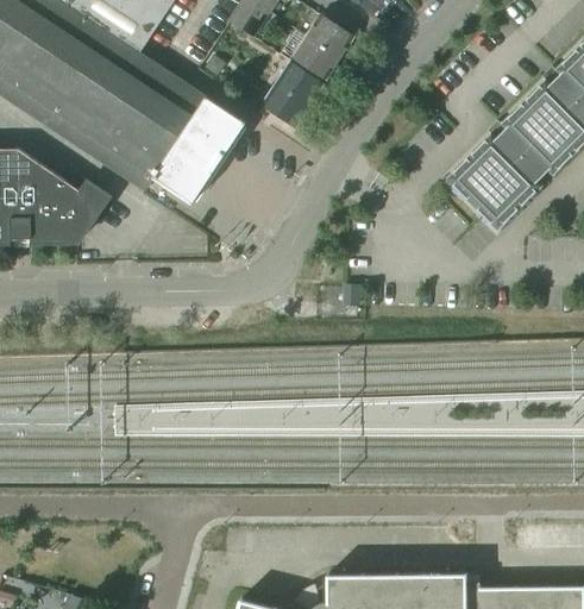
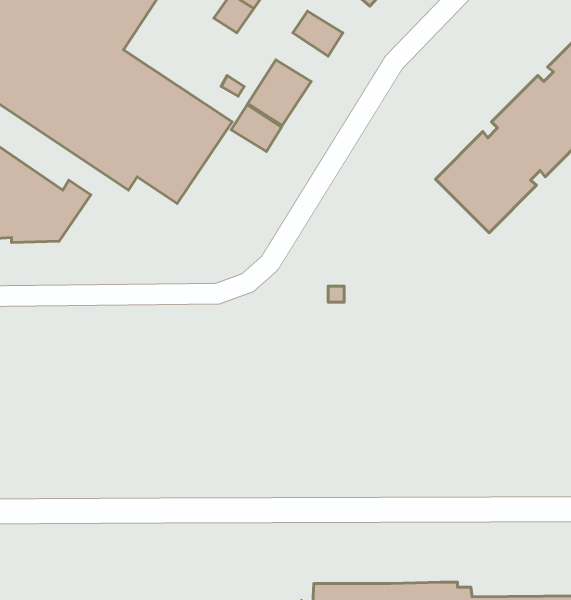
building: [293,38,340,82] -> none
building: none -> [231,105,281,152]

